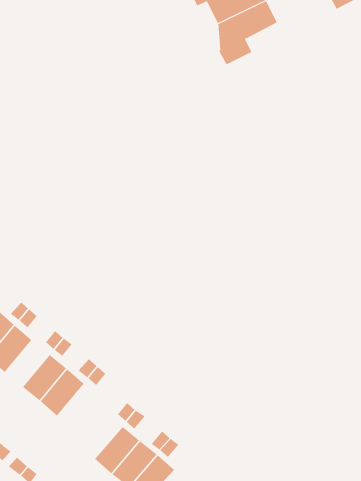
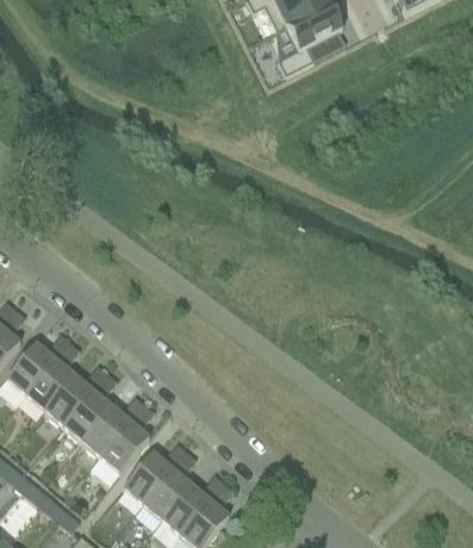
building: none -> [43,372,92,423]
building: none -> [100,419,149,471]
building: none -> [122,450,172,502]

